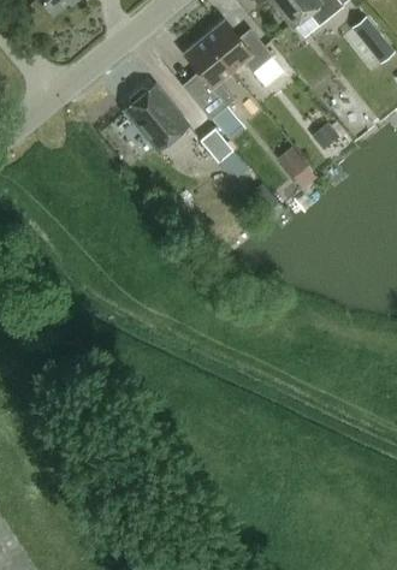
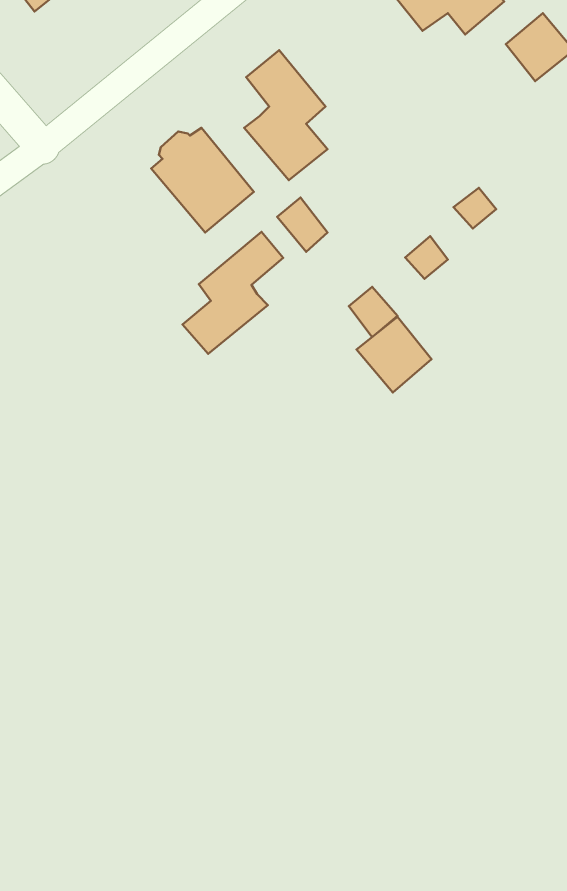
building: [203,20,272,73] -> none
building: none -> [182,232,283,354]
building: none -> [357,317,432,392]

